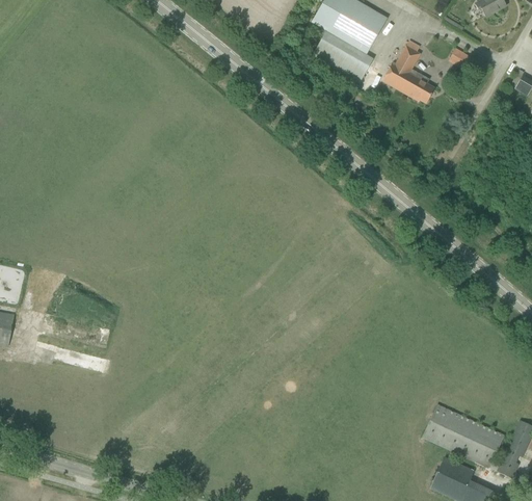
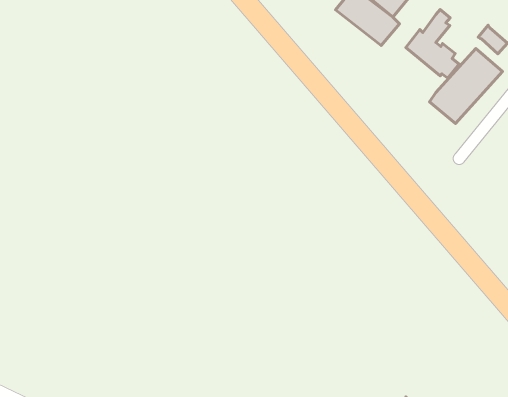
building: none -> [429,48,502,124]

